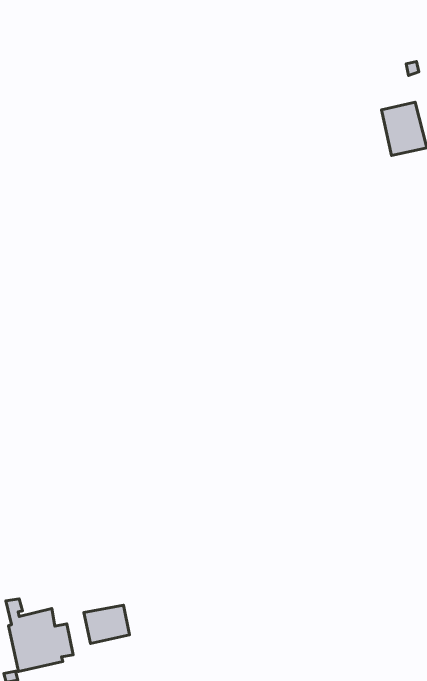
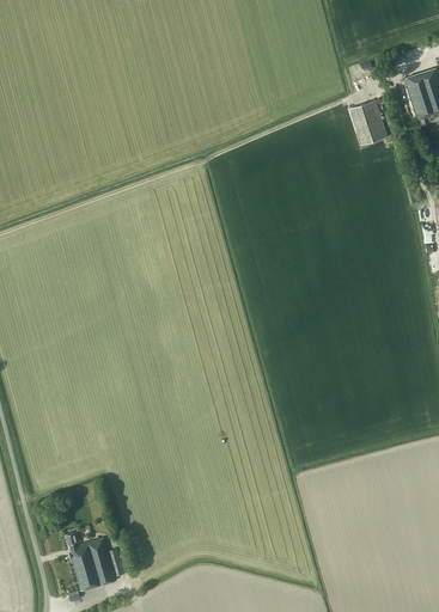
building: [84,605,130,644] -> none

